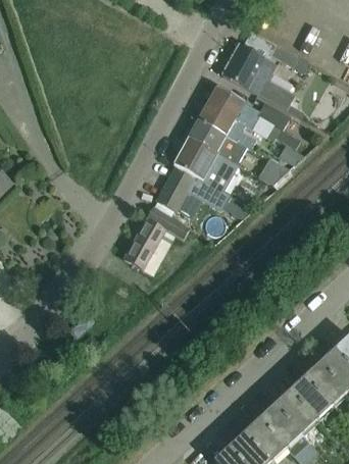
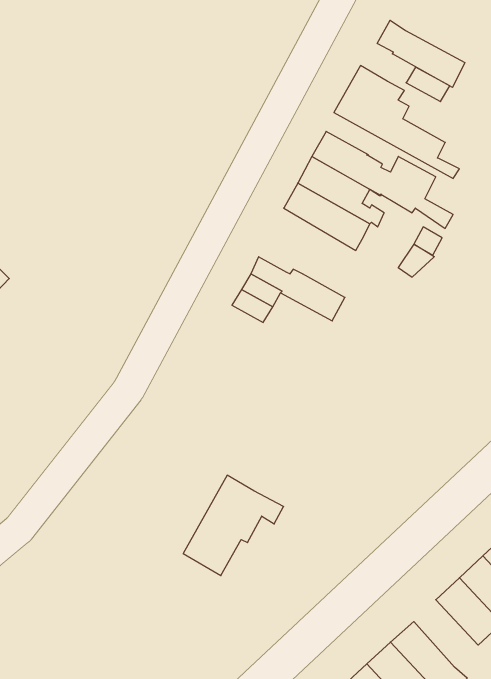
building: none -> [377,20,465,87]
building: [173,136,236,190] -> none
building: [123,206,189,271] -> [183,475,284,576]
building: [273,391,315,434] -> none

